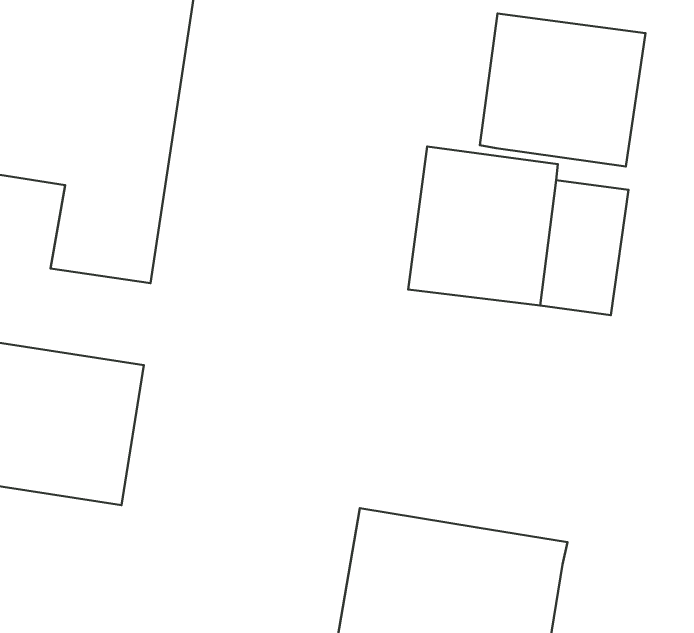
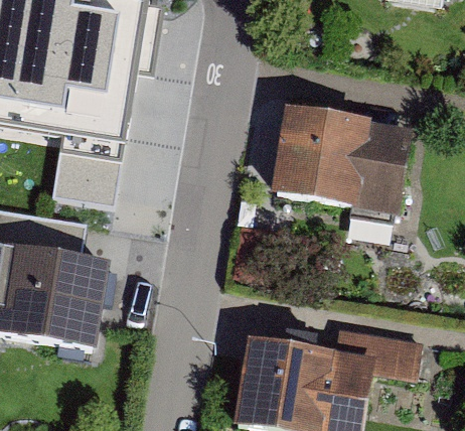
building: [480,13,645,166] -> none
building: none -> [317,320,421,377]

